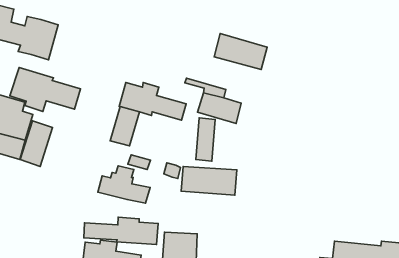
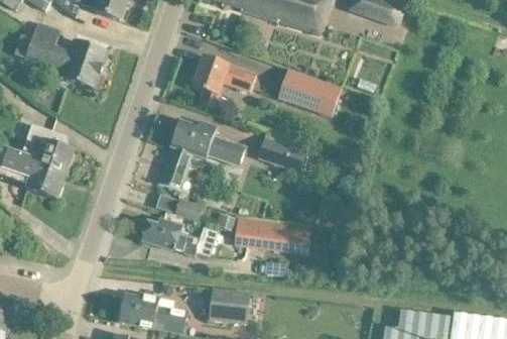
building: none -> [193,55,256,108]
building: [10,68,80,112] -> none
building: [196,118,215,161] -> none
building: [20,121,52,166] -> none
building: [84,217,158,244] -> none

